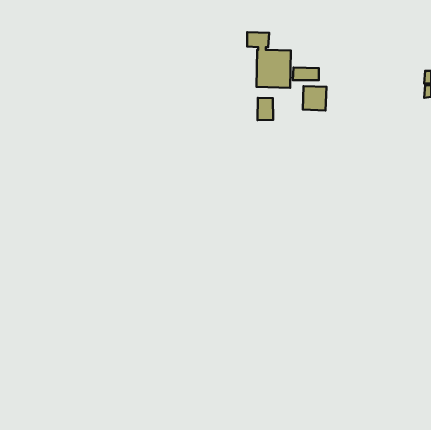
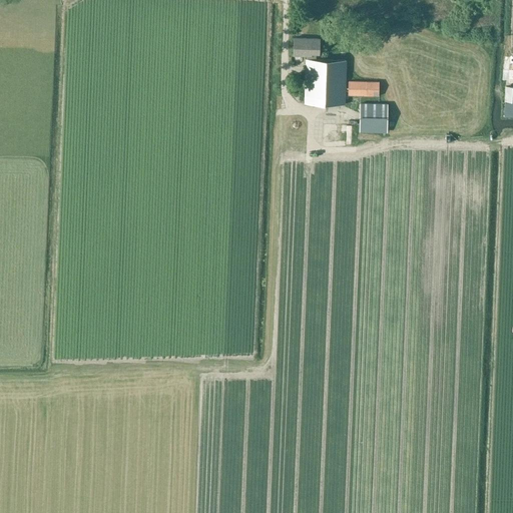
building: [257,98,273,120] -> none

